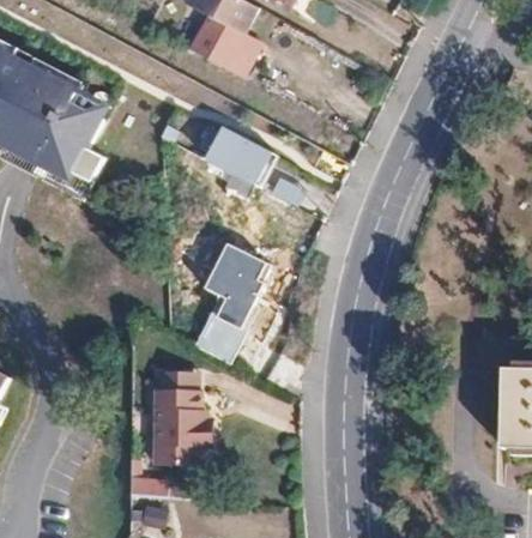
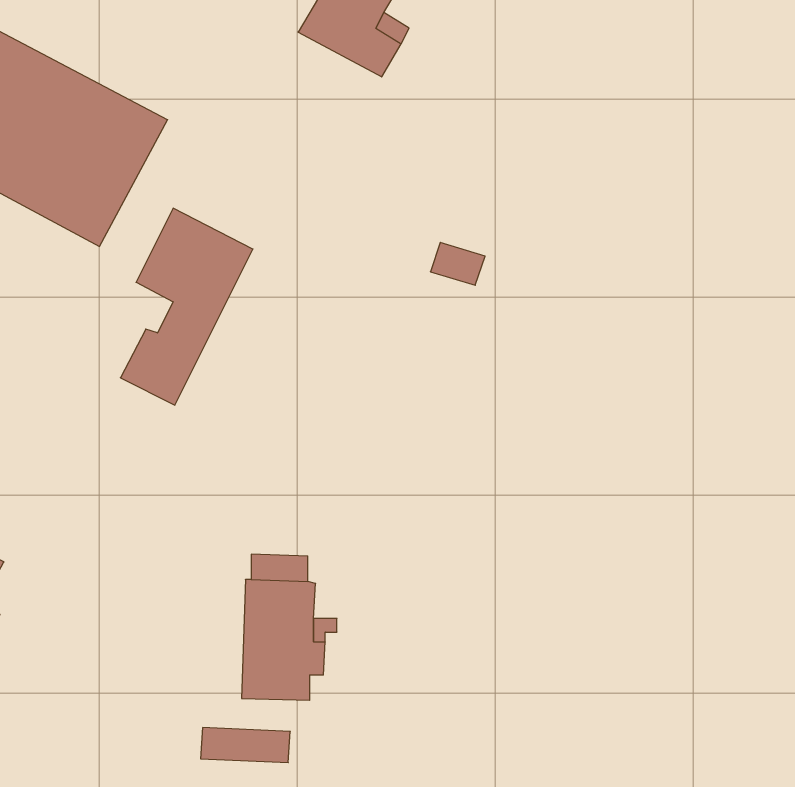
building: [205,126,277,186] -> none
building: [194,240,276,361] -> [120,208,253,405]

